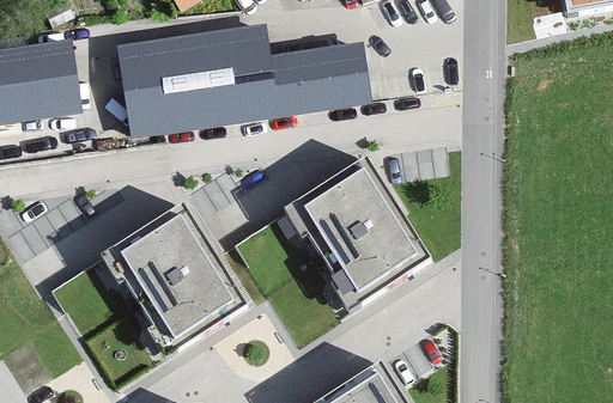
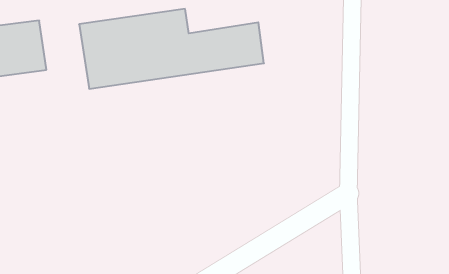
building: [304,172,417,292] -> none
building: [121,219,233,338] -> none

